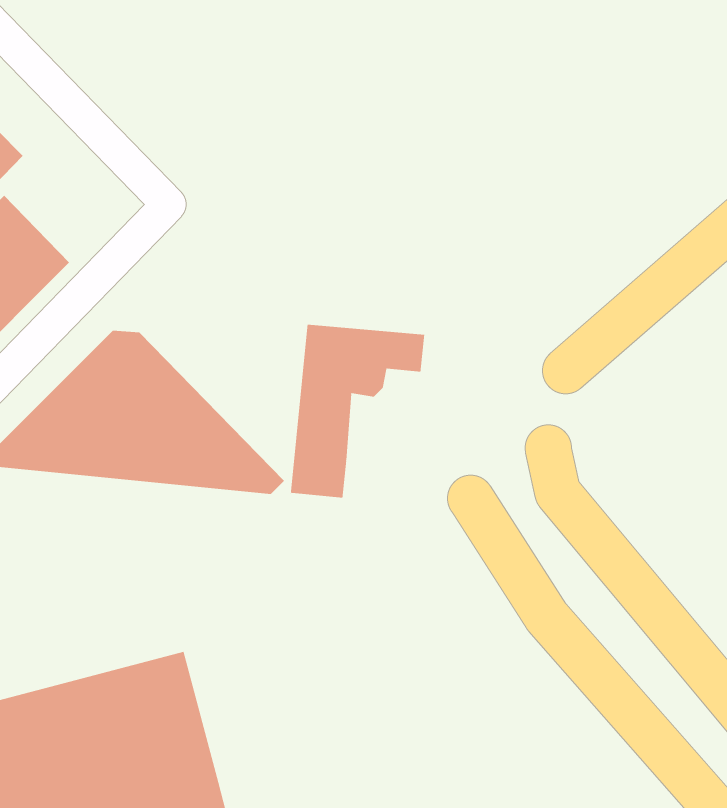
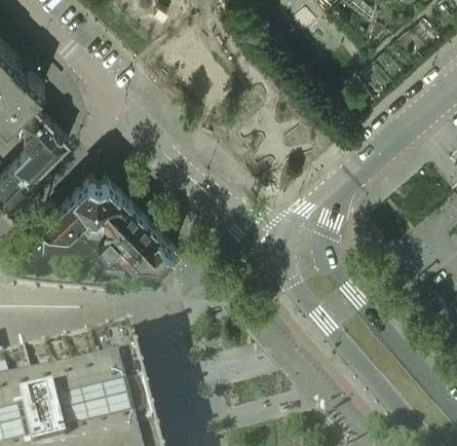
building: [290,324,425,499] -> none

